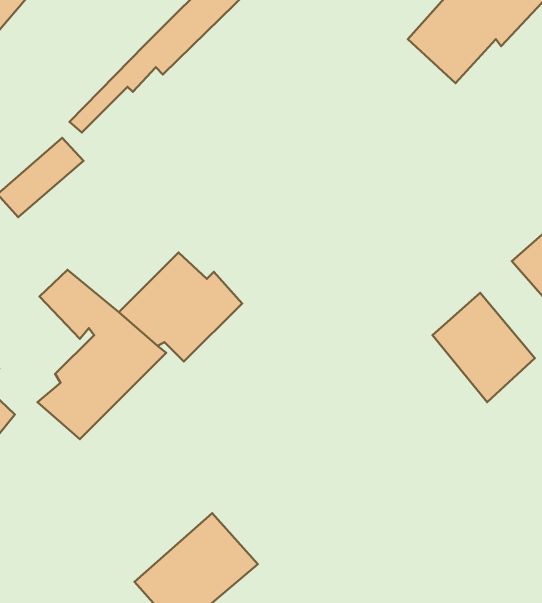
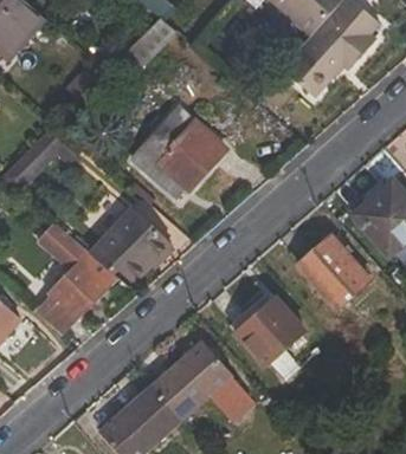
building: none -> [129,105,223,200]
building: none -> [234,296,305,367]
building: none -> [150,339,253,421]

